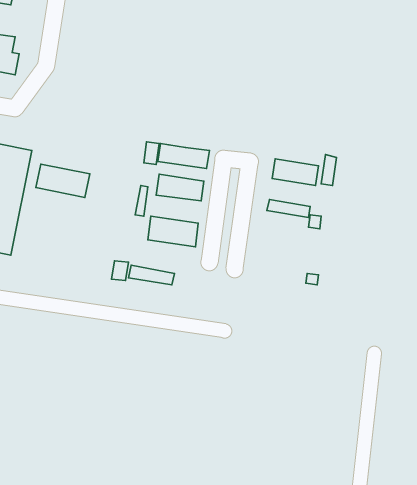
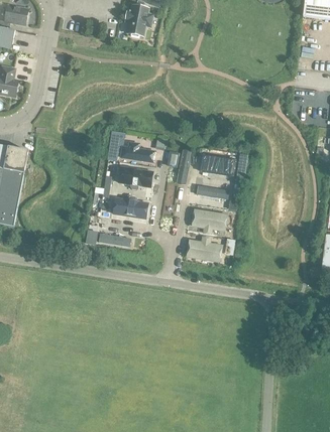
building: [36,164,90,197] -> none
building: none -> [190,208,227,232]
building: none -> [185,239,222,263]

